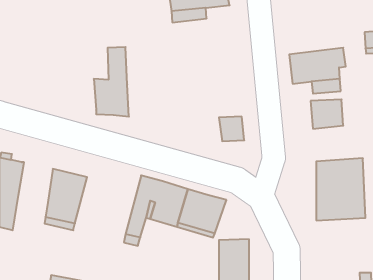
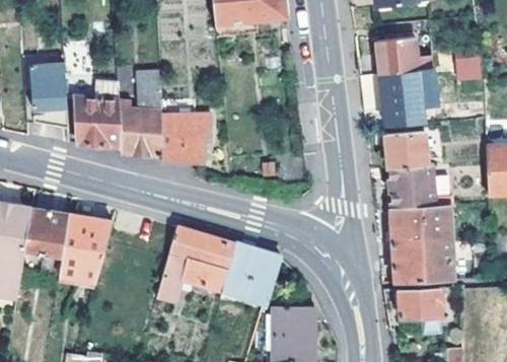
building: none -> [358,35,431,76]
building: none -> [28,50,68,125]
building: none -> [75,78,121,145]
building: none -> [159,114,210,159]
building: none -> [389,164,451,209]
building: none -> [24,210,67,260]
building: none -> [399,285,445,321]

